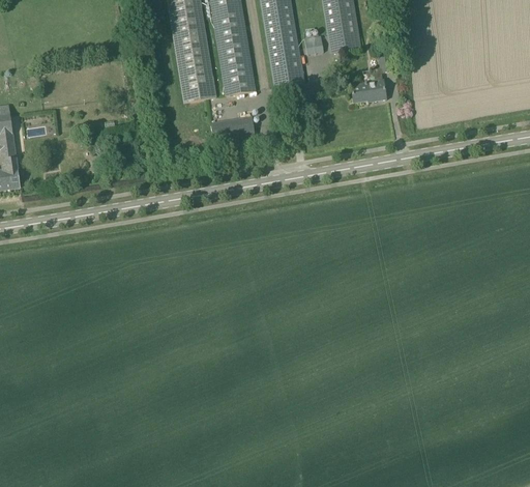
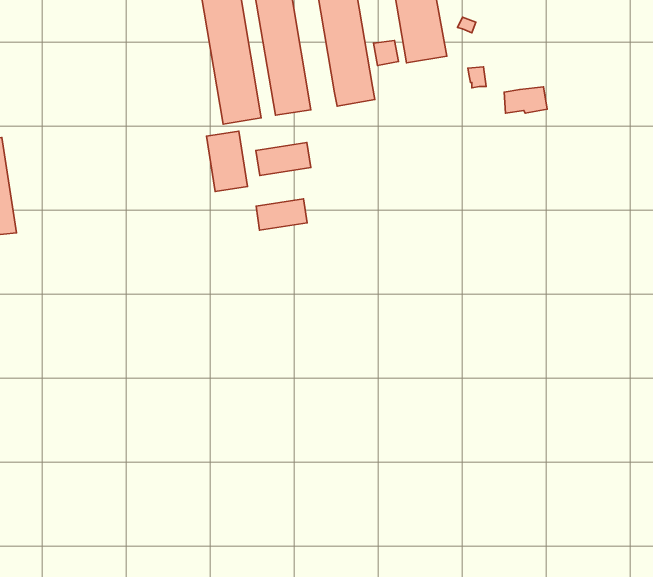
building: [352,80,386,101] -> [504,87,547,113]
building: none -> [207,131,247,191]
building: none -> [256,199,307,230]

